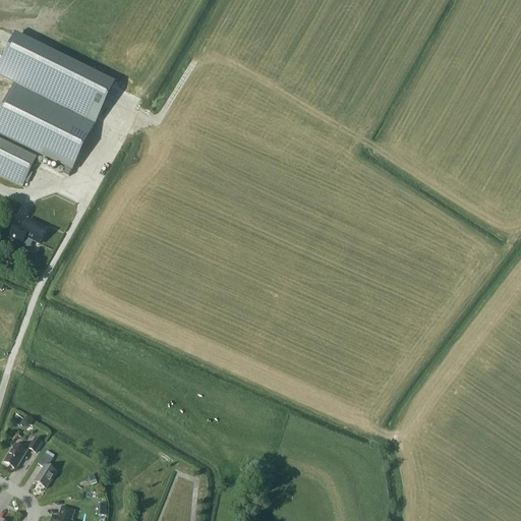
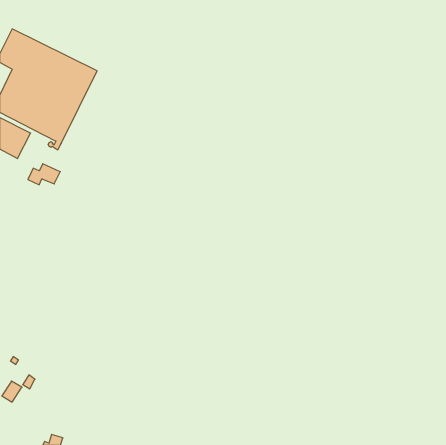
building: [8,218,46,242] -> [28,164,60,185]
building: [34,449,55,486] -> none

